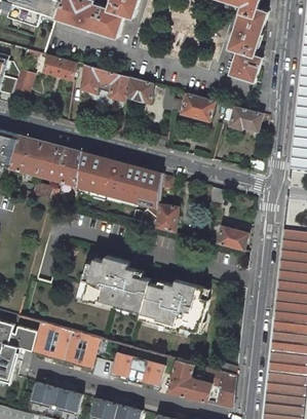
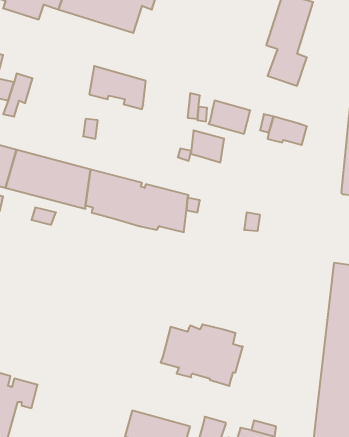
building: [43,54,76,79] -> none
building: [125,77,153,104] -> [191,130,224,162]
building: [156,203,179,231] -> none
building: [216,226,250,252] -> none
building: [82,255,148,308] -> none
building: [31,320,99,369] -> none

